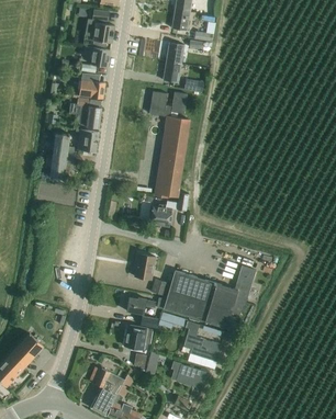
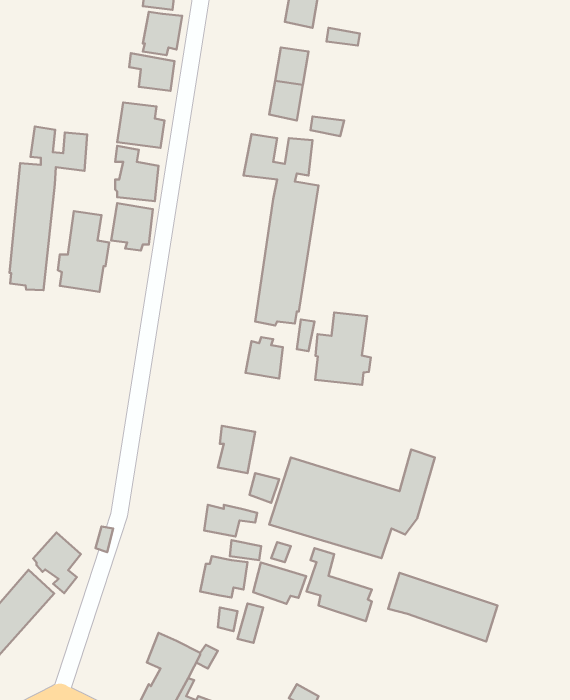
building: none -> [9,126,87,290]
building: none -> [315,312,371,385]
building: none -> [33,532,81,593]
building: none -> [388,573,497,641]
building: [176,364,205,387] -> [253,562,306,604]

